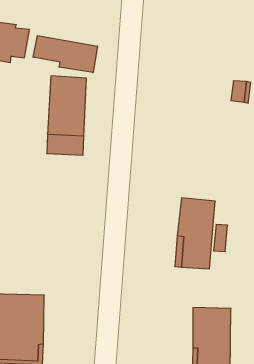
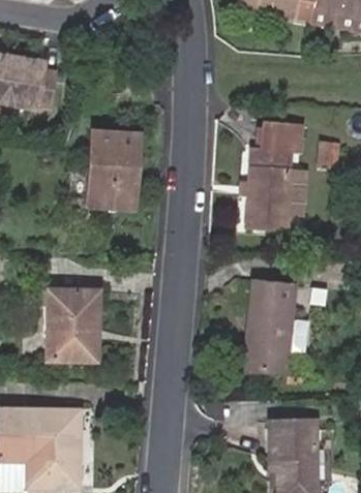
building: [33,36,97,73] -> none
building: none -> [245,117,305,227]
building: none -> [47,288,96,355]

